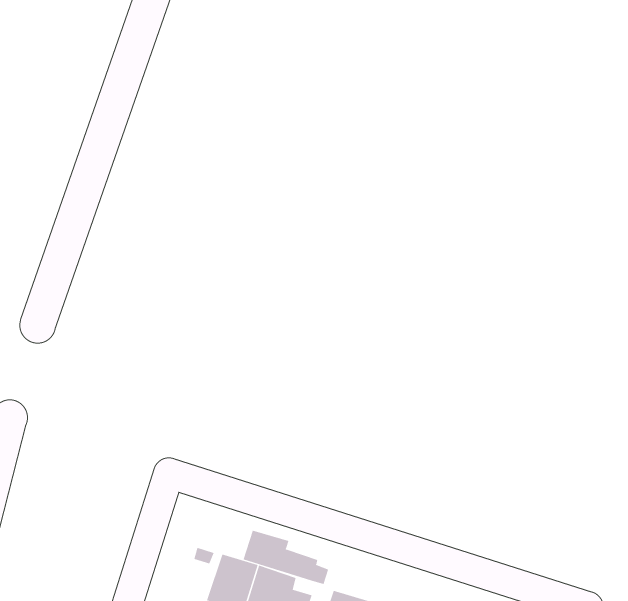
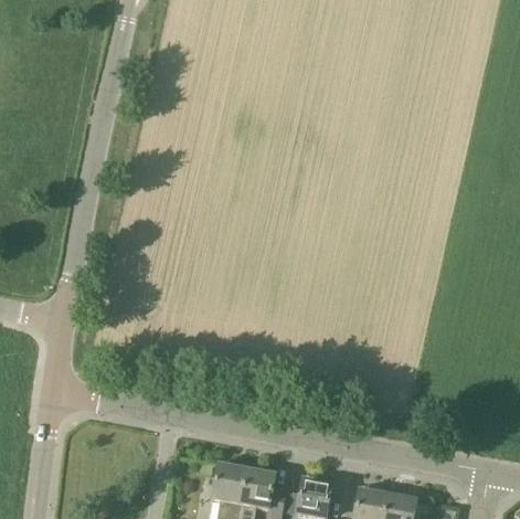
building: [243,530,329,585] -> none

